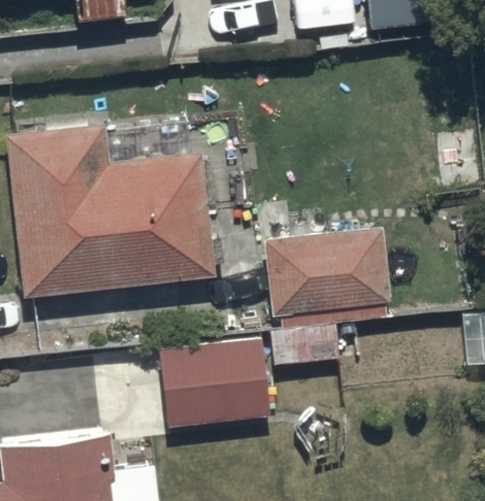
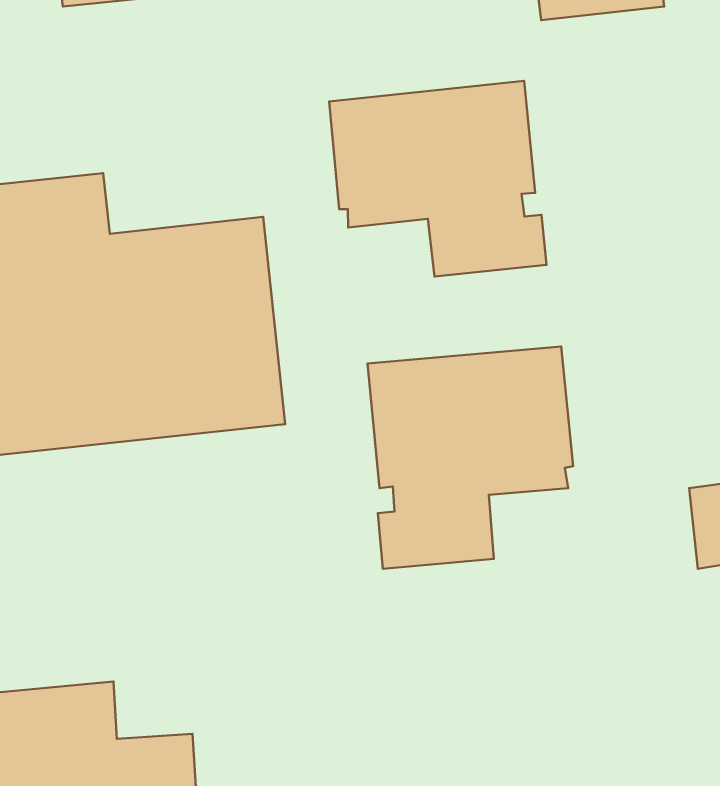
building: none -> [329,81,547,276]
building: [160,339,271,427] -> none

